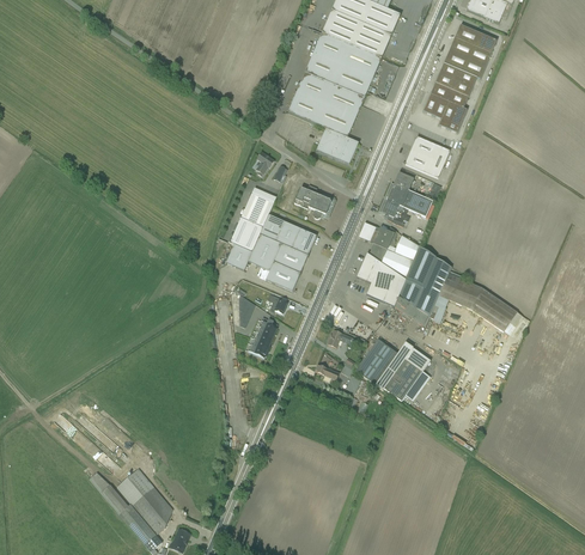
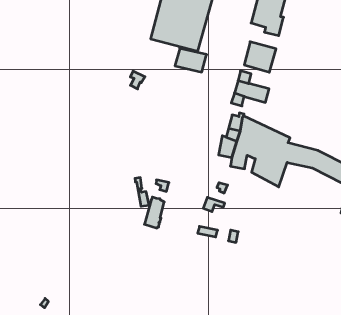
building: [293,183,335,216] -> none
building: [226,185,317,289] -> none
building: [355,337,420,400] -> none

